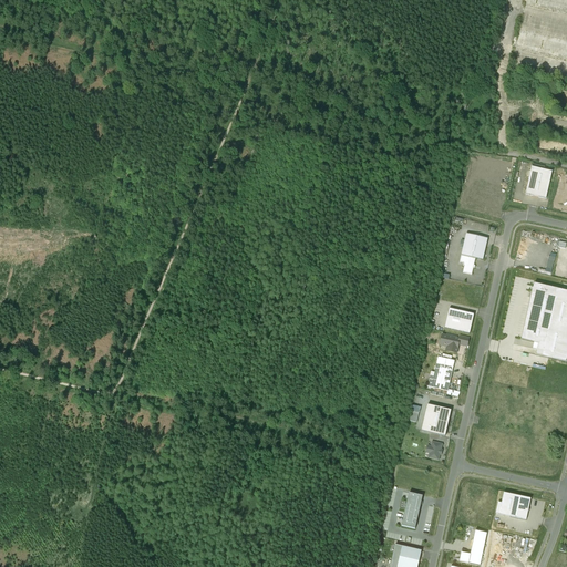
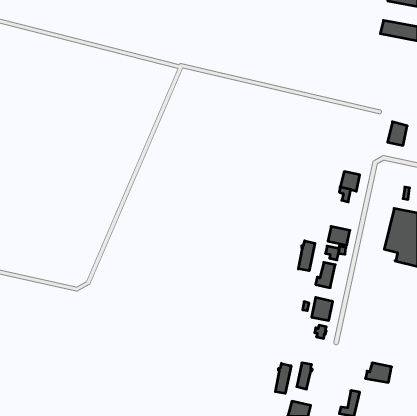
building: none -> [298,241,315,271]
building: none -> [275,363,291,393]

